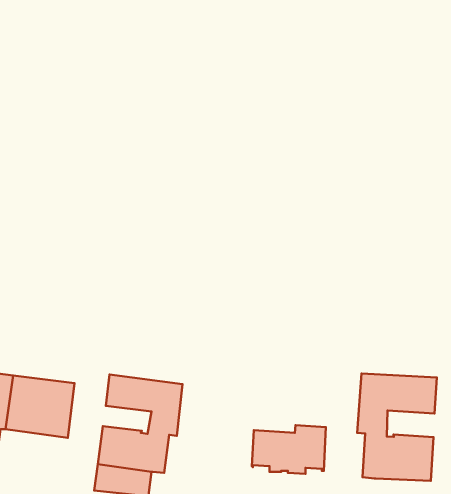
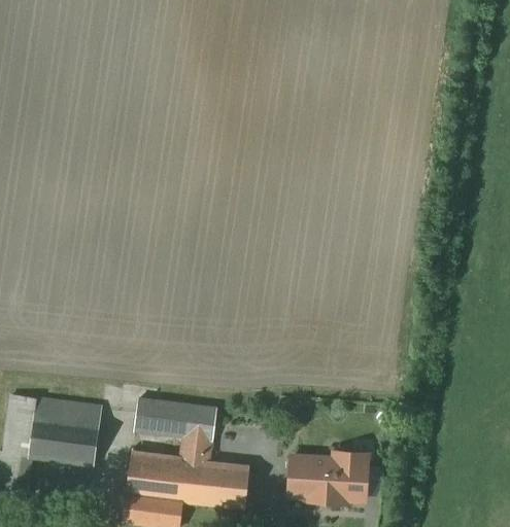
building: [357,374,437,481] -> none
building: none -> [197,461,249,506]

